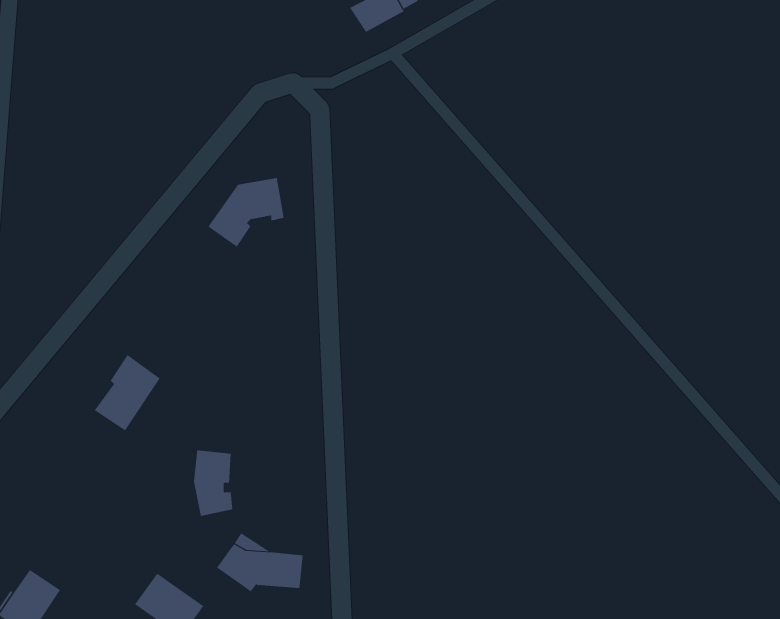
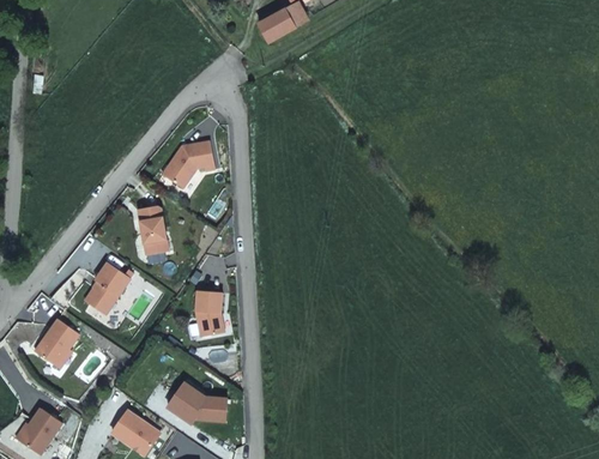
building: none -> [138,205,168,254]
building: none -> [36,319,79,367]
building: [193,450,233,516] -> [195,290,223,336]

